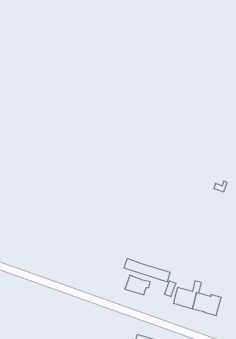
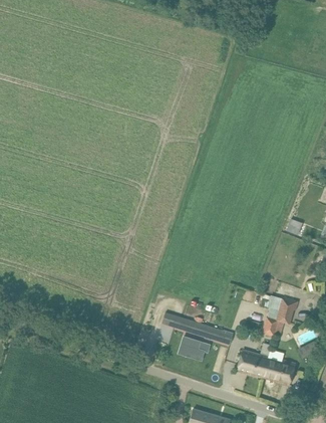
building: none -> [262,297,298,337]

